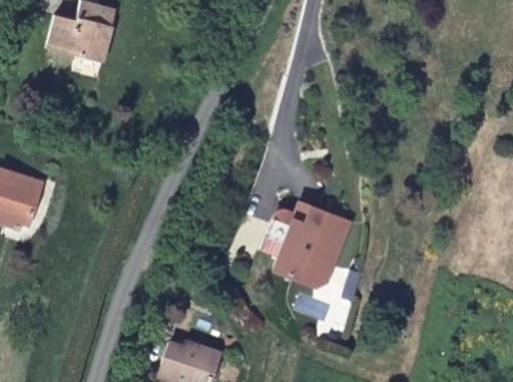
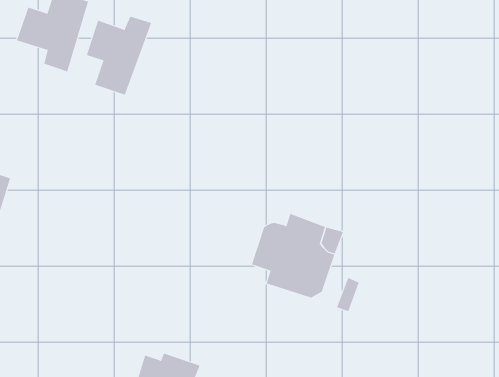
building: none -> [86,16,152,95]

